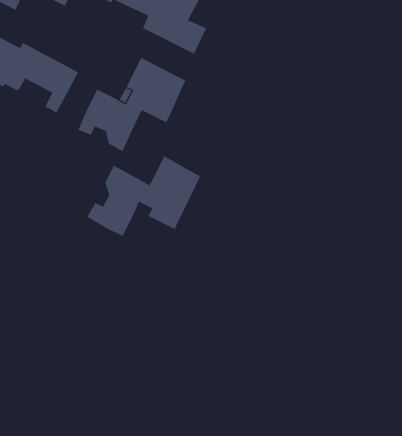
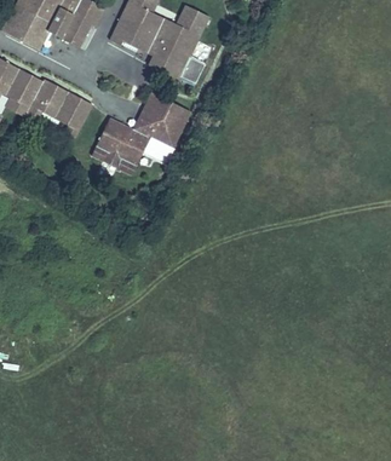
building: [87,156,201,237] -> none

